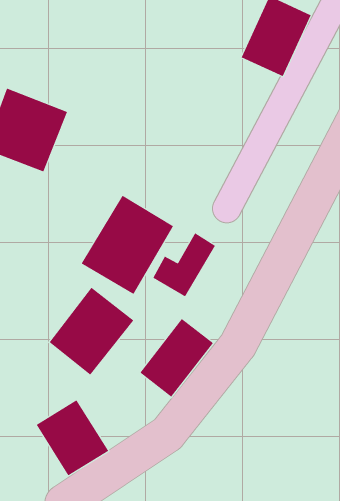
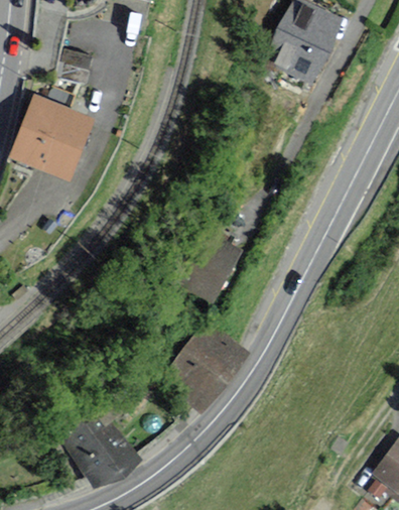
building: [81,195,174,295] -> none
building: [49,287,134,376] -> none

